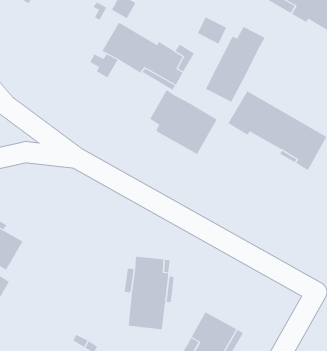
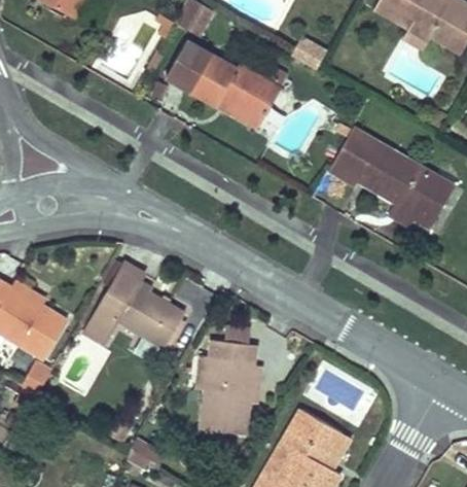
building: [205,26,266,103] -> none
building: [150,89,217,155] -> none
building: none -> [86,270,184,347]

